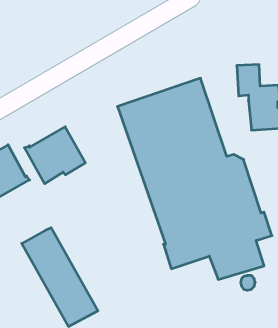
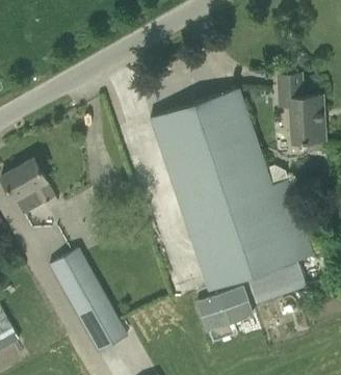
building: [24,127,85,184] -> none
building: none -> [196,288,254,333]

